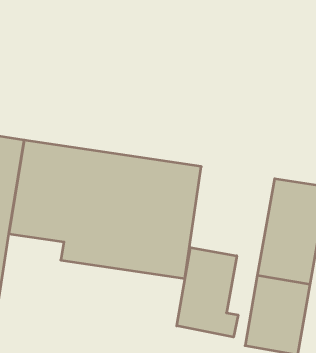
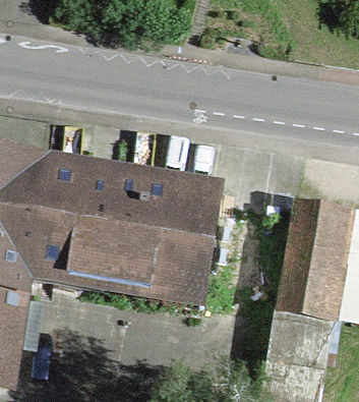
building: [177,247,238,337] -> none

